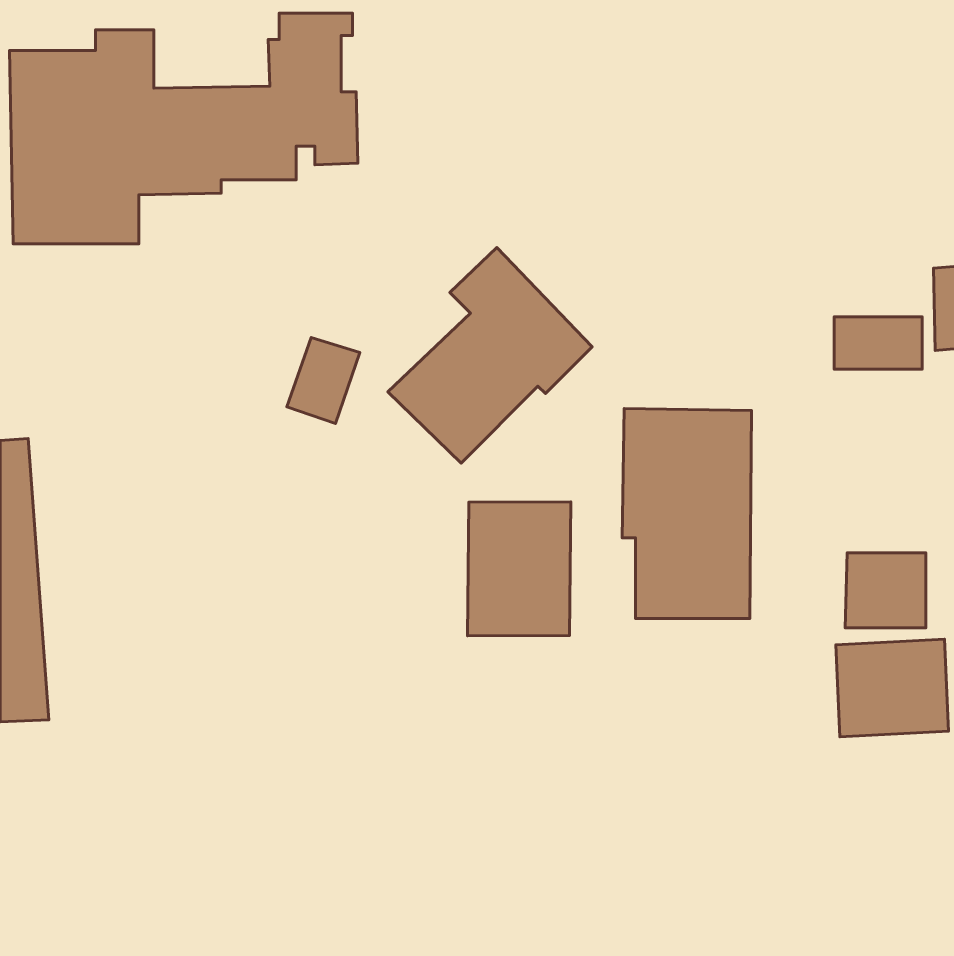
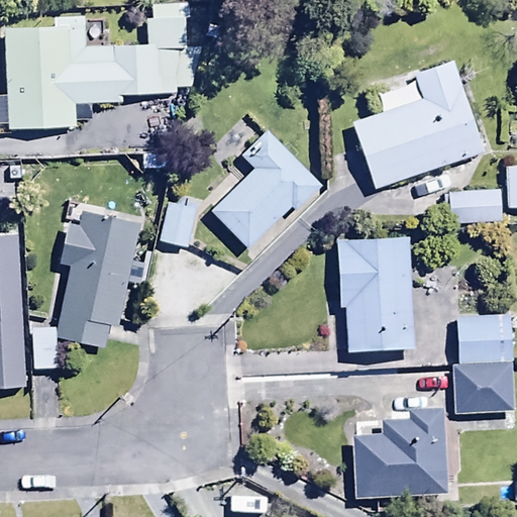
building: none -> [353,62,484,191]
building: none -> [57,214,139,347]
building: [468,502,571,636] -> none
building: none -> [348,389,449,485]

